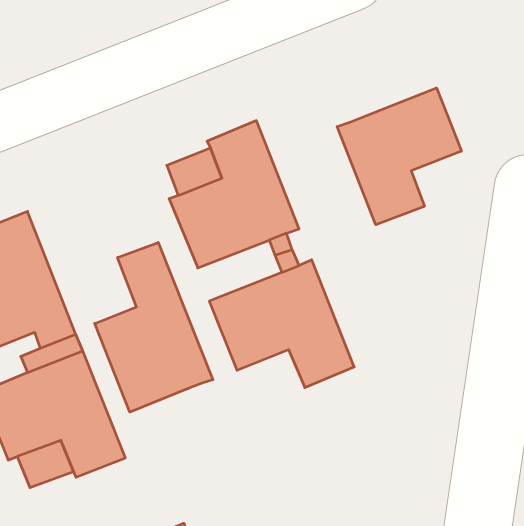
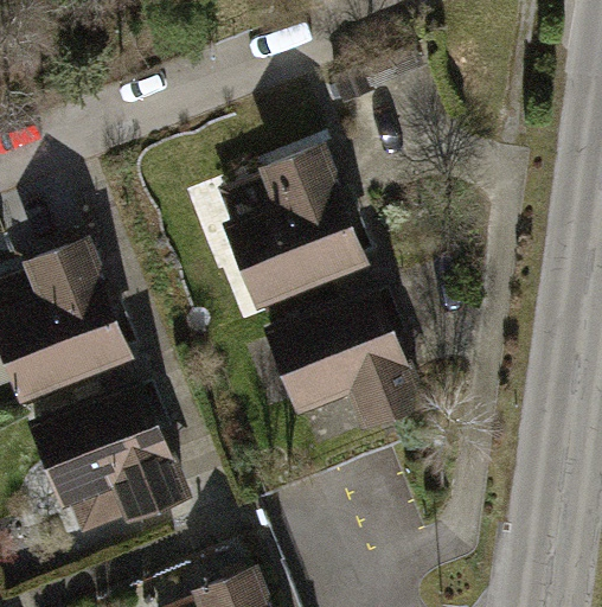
building: [337,88,461,225] -> none
building: [95,242,213,412] -> none

